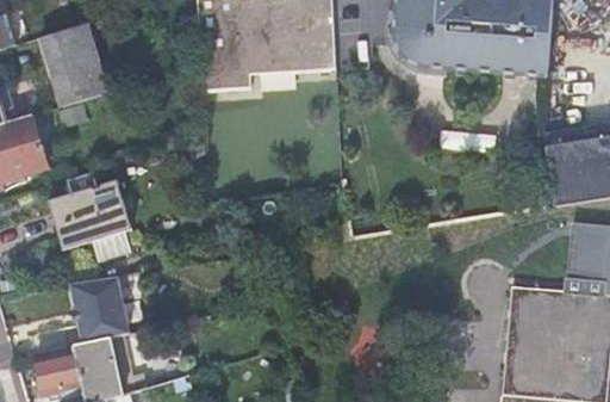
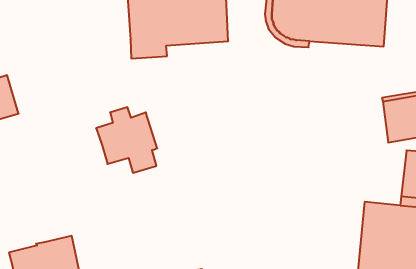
building: [42,24,106,106] -> none
building: [52,171,136,260] -> [96,107,157,173]
building: [66,277,129,342] -> none

